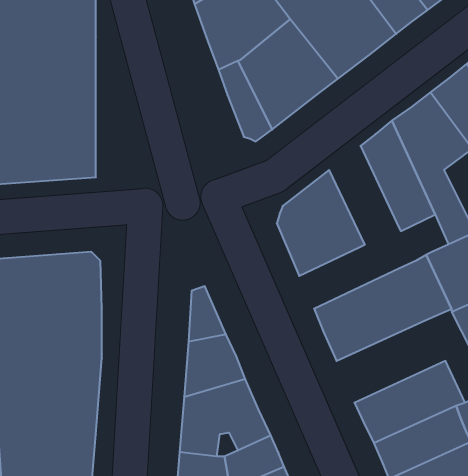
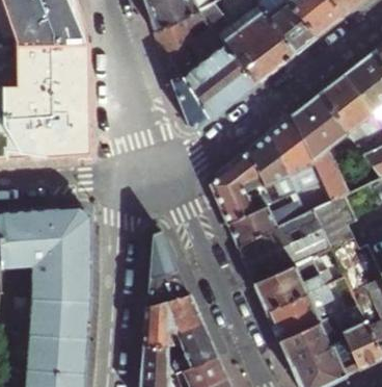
building: none -> [248,132,297,201]
building: none -> [227,198,308,246]
building: none -> [253,254,336,311]

